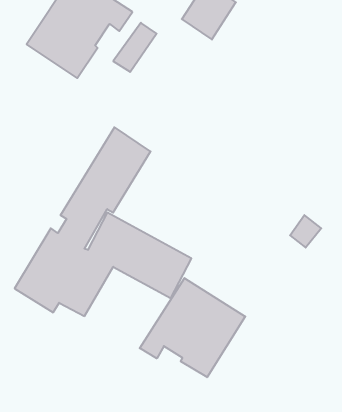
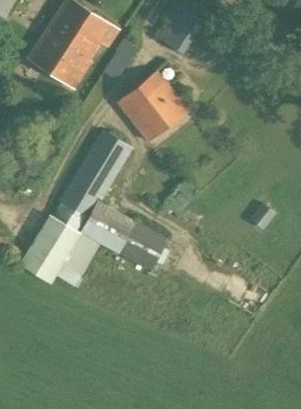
building: none -> [118,72,186,140]
building: [140,278,245,377] -> none

